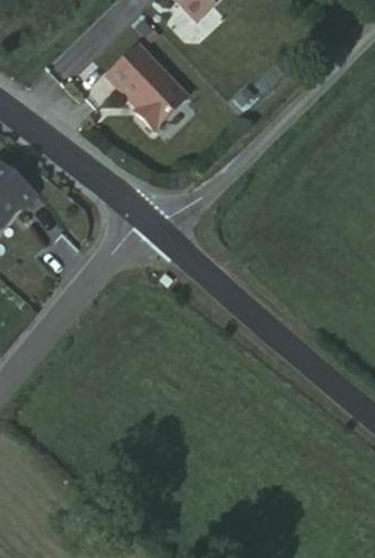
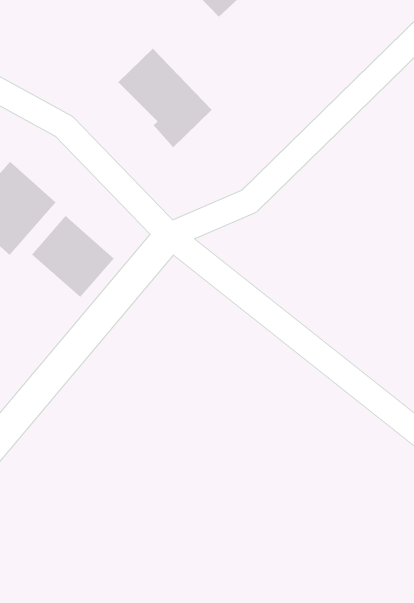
building: none -> [31,215,114,298]

